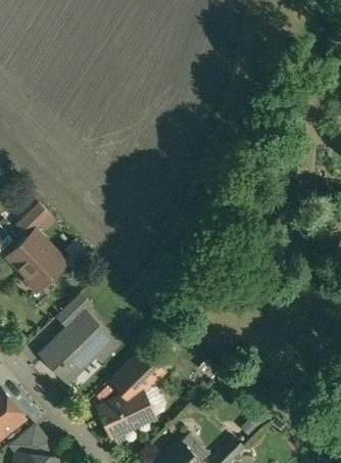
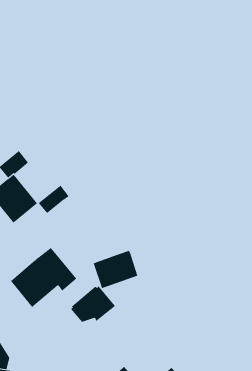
building: [55,293,91,328] -> [38,185,70,214]
building: [99,389,152,436] -> [93,250,138,289]

